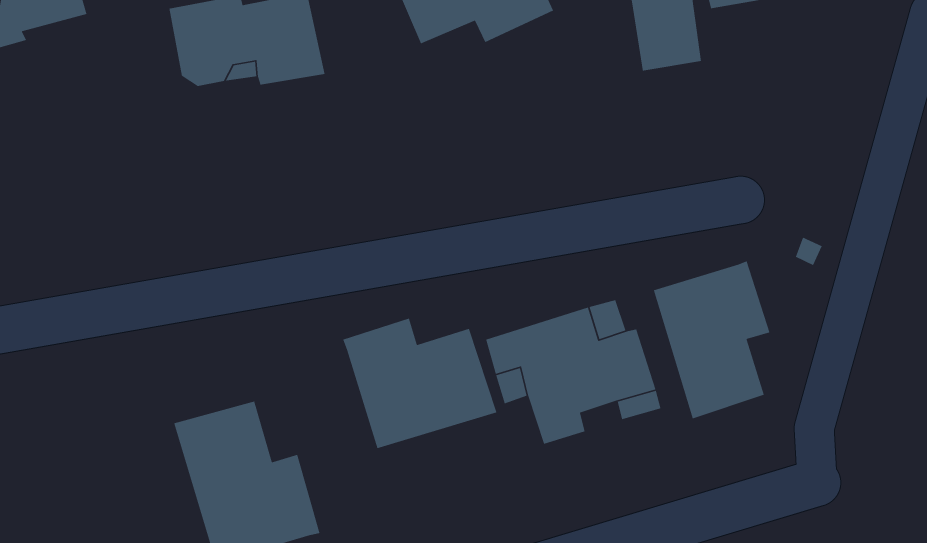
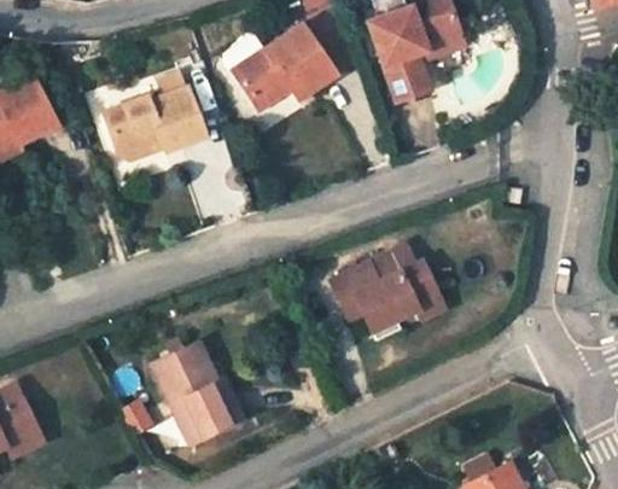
building: [653,260,770,419] -> none
building: [342,317,497,449] -> none

